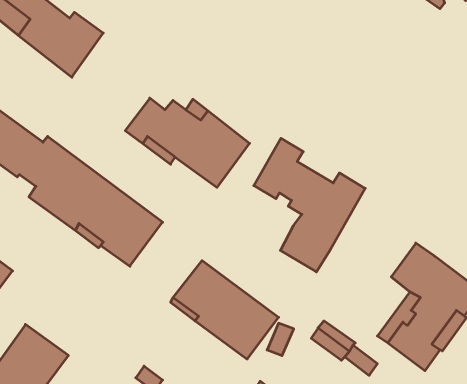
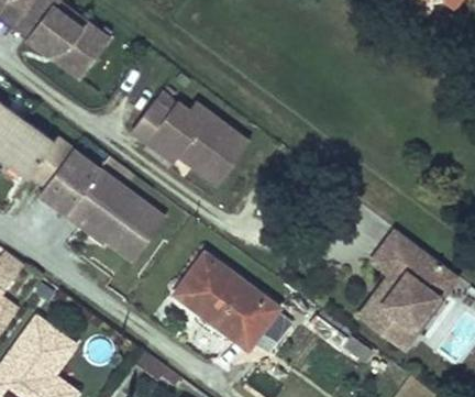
building: [254,138,365,272] -> none

